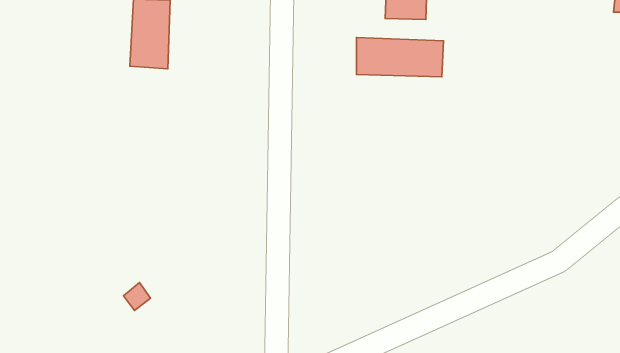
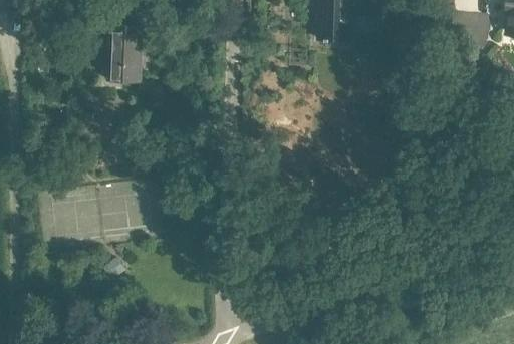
building: [357,37,443,77] -> none

